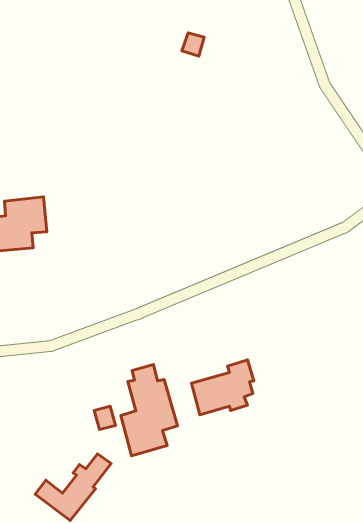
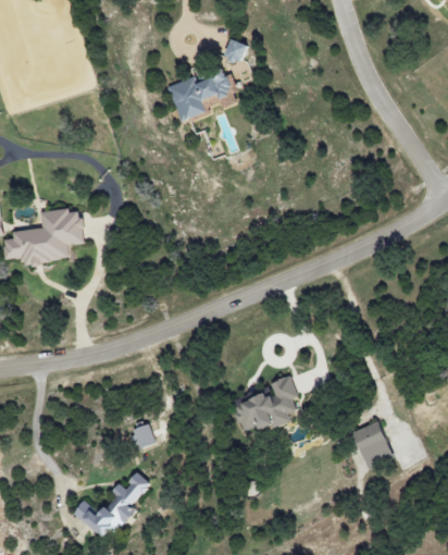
building: none -> [167,70,232,121]
building: [121,364,177,456] -> none
building: none -> [352,421,391,466]

